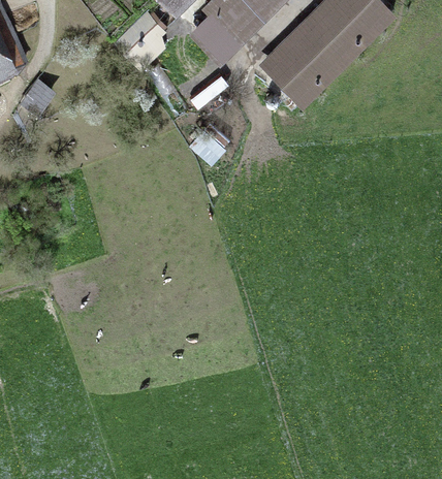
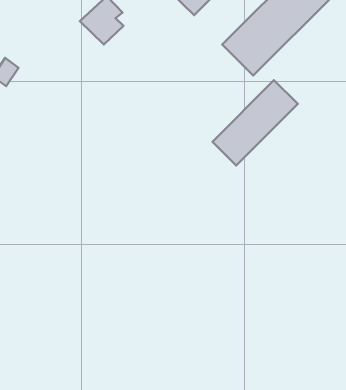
building: none -> [212,80,298,166]

